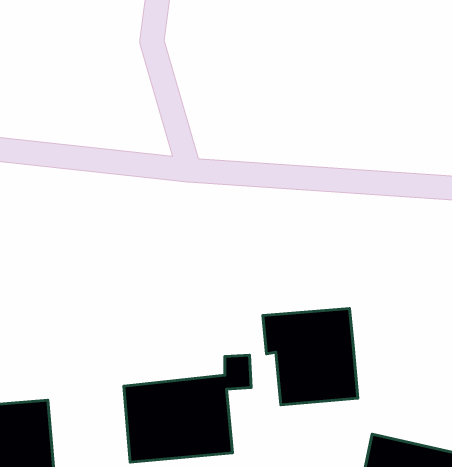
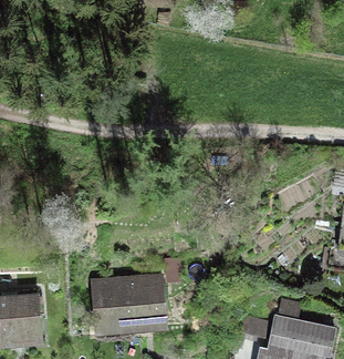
building: [263,309,358,405] -> none

